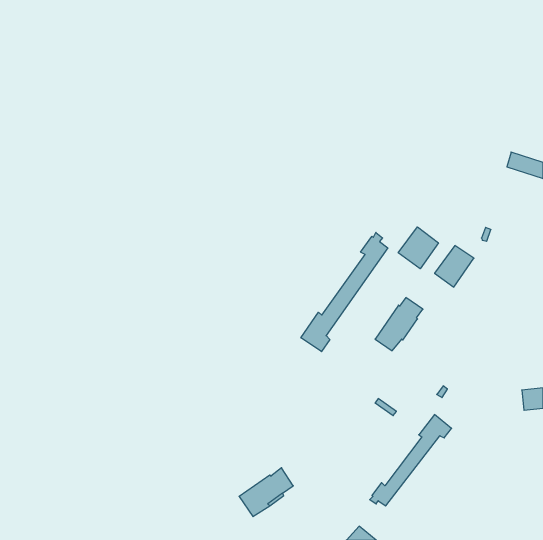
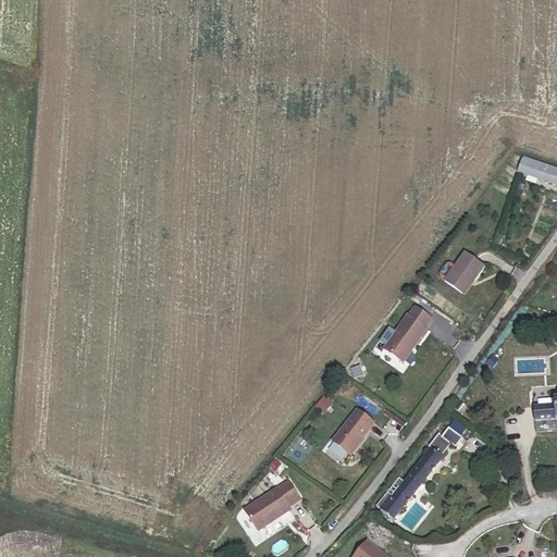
building: [398,227,438,269] -> none
building: [301,232,388,352] -> none
building: none -> [333,407,374,453]

